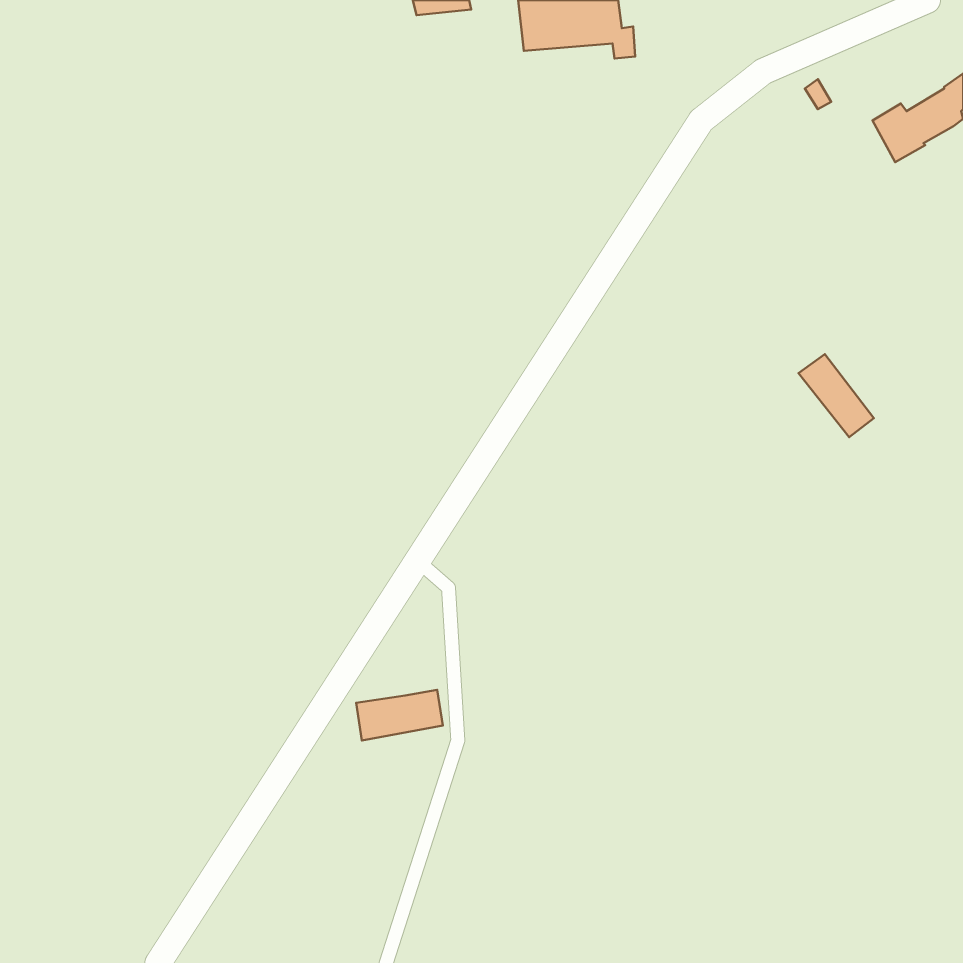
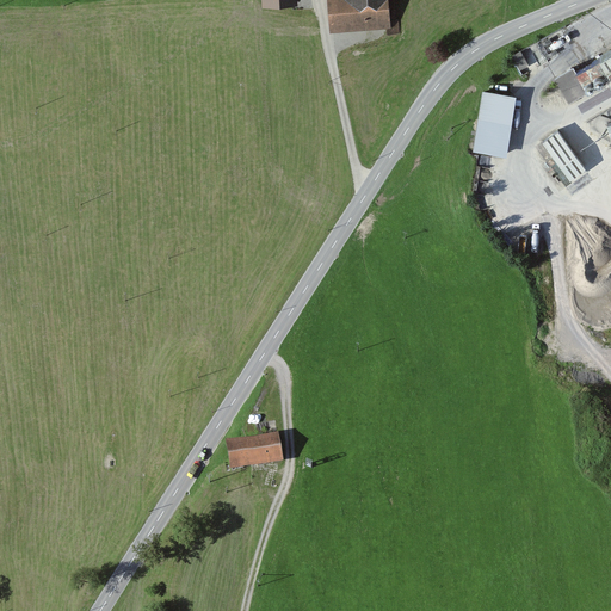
building: none -> [474,92,516,158]
building: [798,354,874,437] -> [539,129,587,181]

